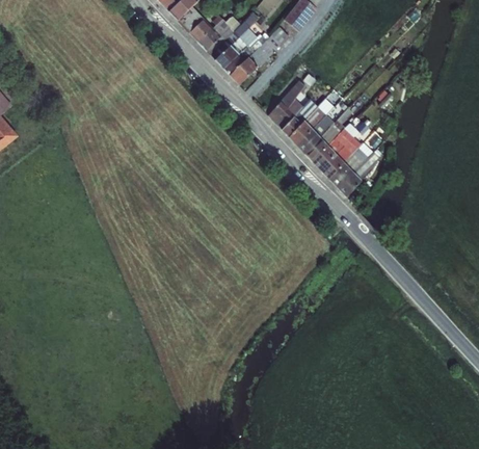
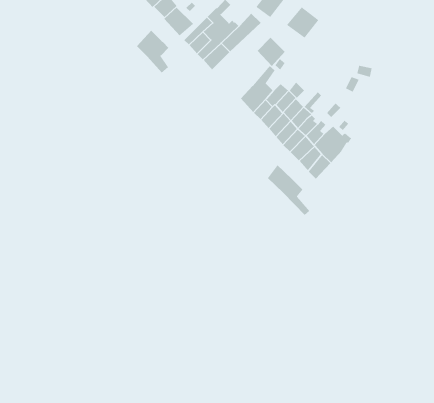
building: none -> [286,7,319,39]
building: none -> [136,30,169,74]
building: none -> [257,37,285,67]
building: none -> [267,164,310,216]

